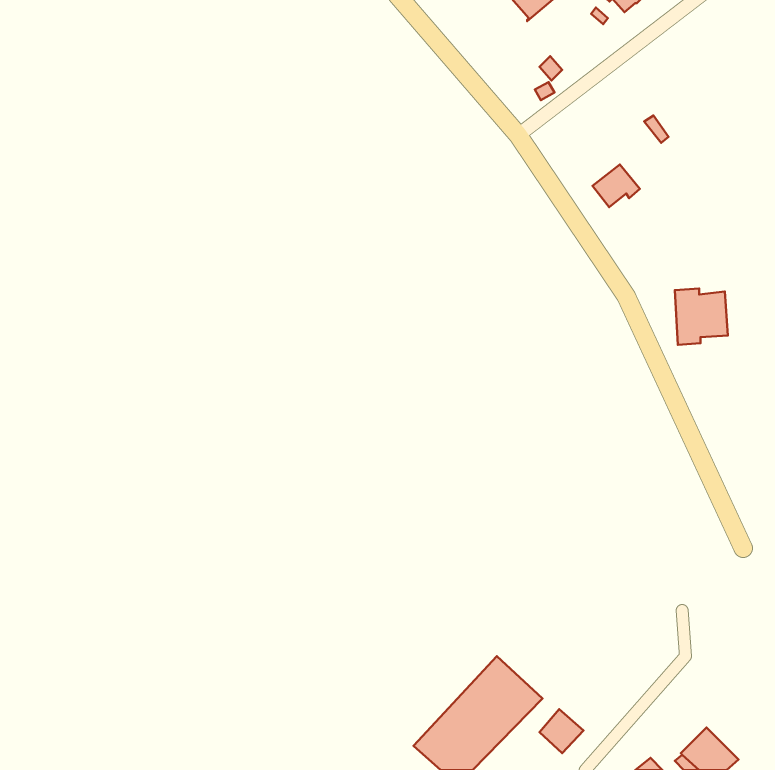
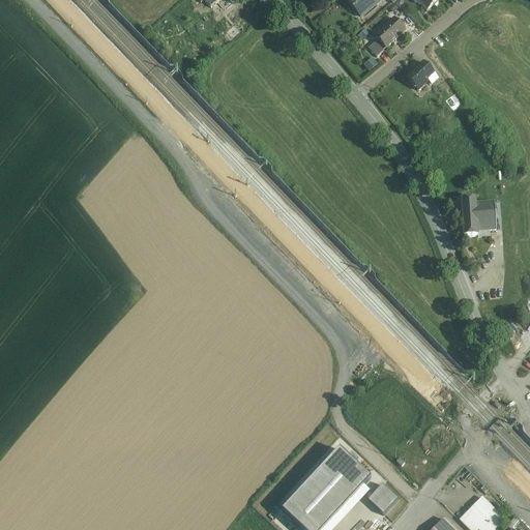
building: none -> [372,16,404,46]
building: [593,165,640,207] -> [404,61,436,90]

